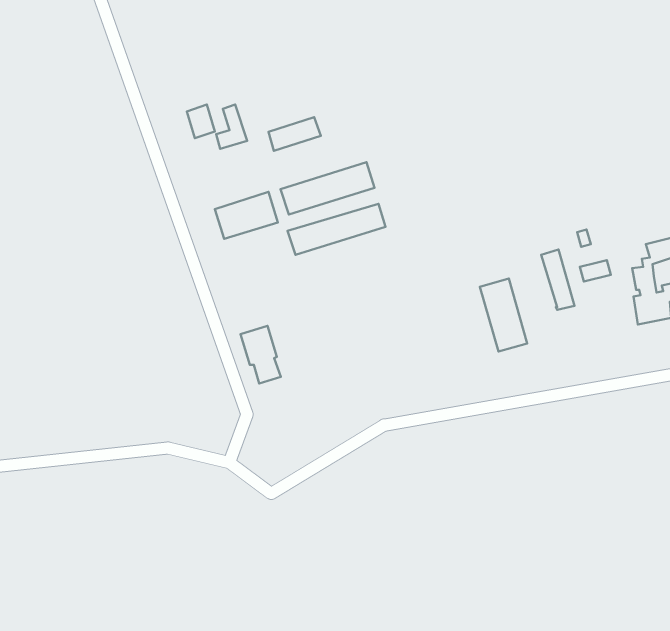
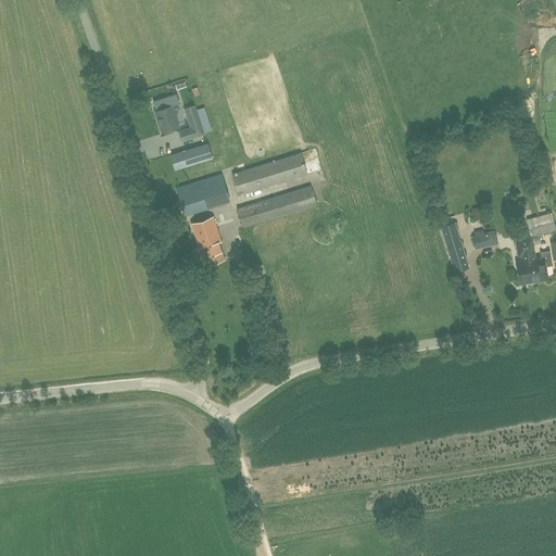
building: [269,117,321,151] -> [170,142,213,169]
building: [480,279,527,352] -> none
building: [240,326,281,384] -> [191,216,224,263]

